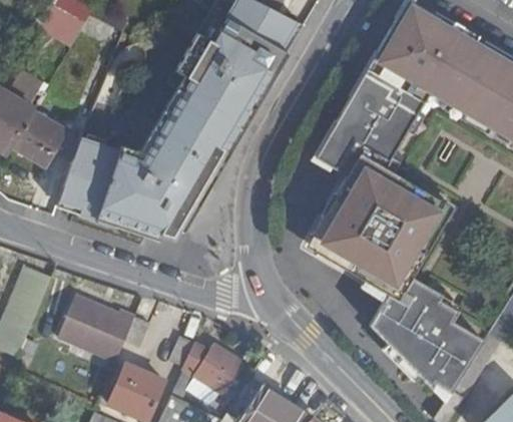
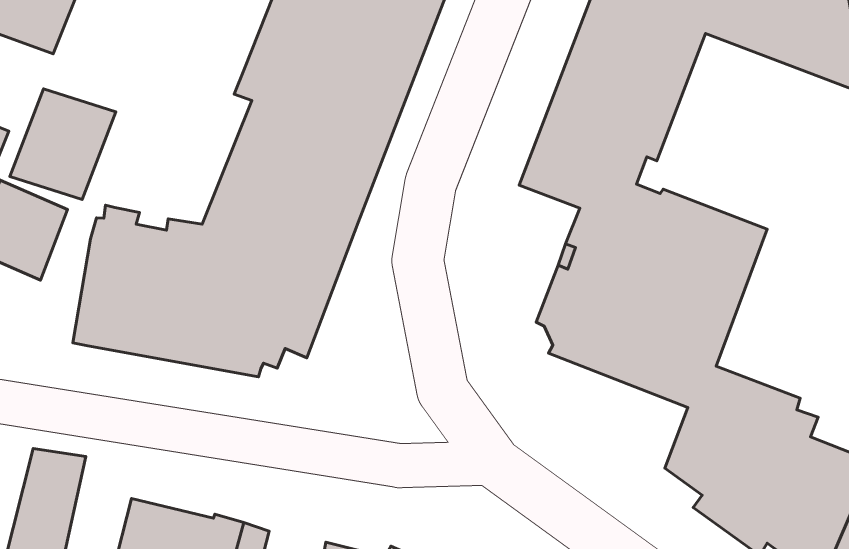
building: none -> [10,89,116,200]

